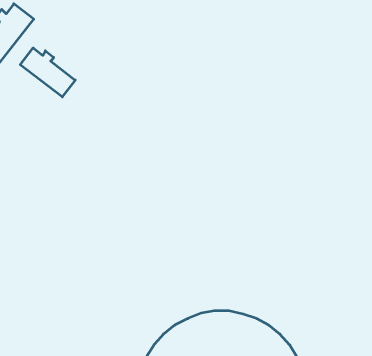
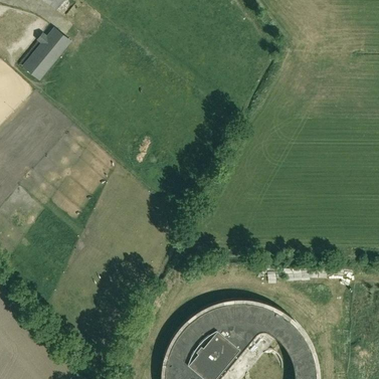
building: [20,48,75,97] -> none

